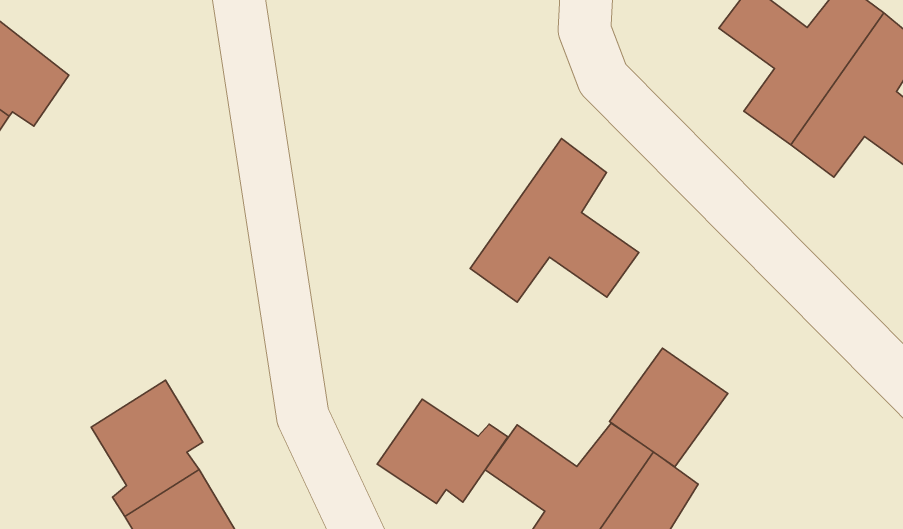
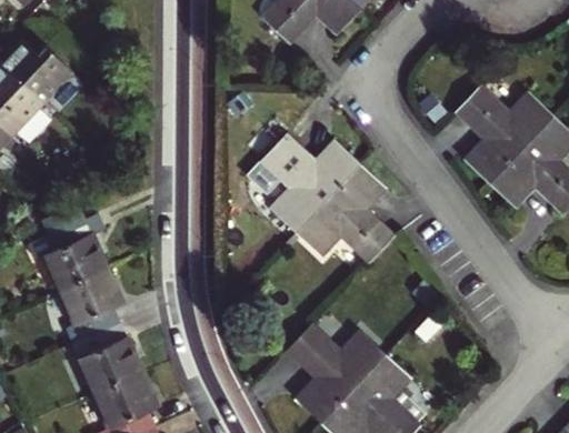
building: none -> [251,133,357,229]
building: none -> [29,225,108,290]
building: [609,348,728,467] -> none
building: [377,399,508,504] -> none

